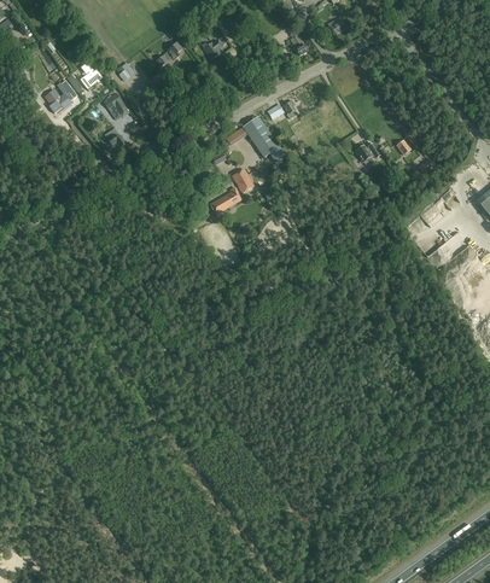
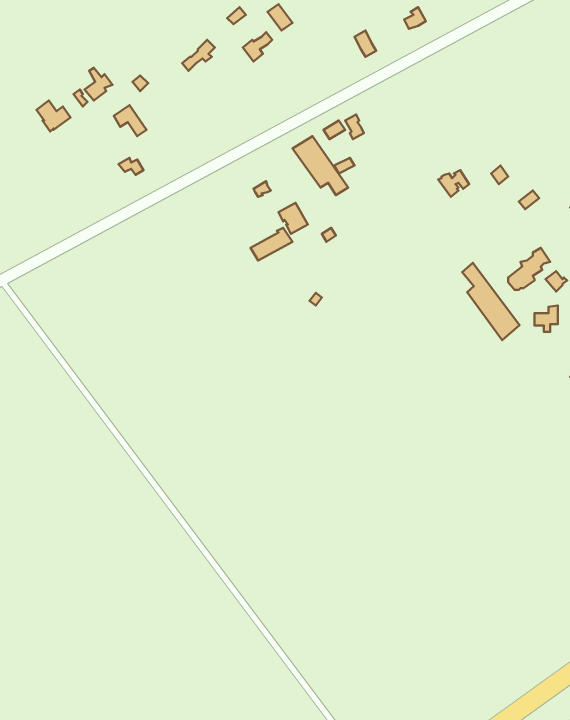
building: none -> [462,263,520,340]

